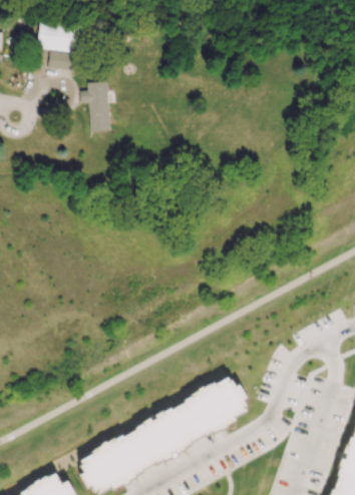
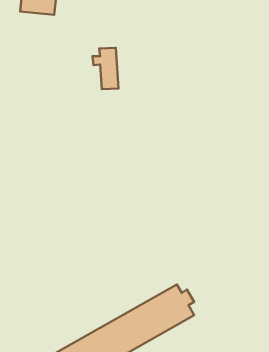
building: [49,50,73,69] -> none
building: [80,80,111,130] -> [93,48,118,89]

